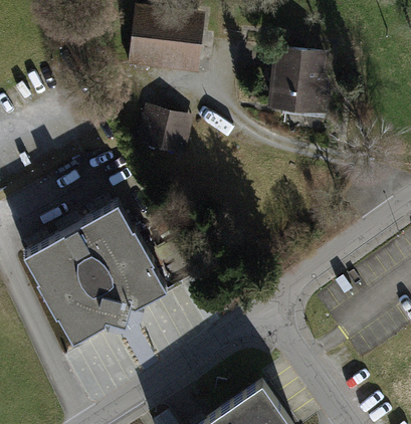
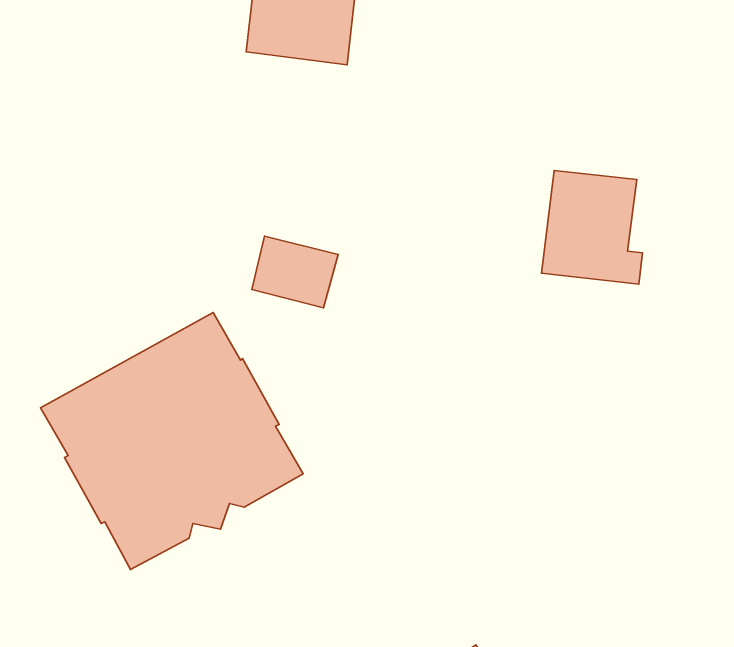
building: [272,53,328,116] -> [541,170,642,284]
building: [142,115,189,154] -> [252,236,338,308]

